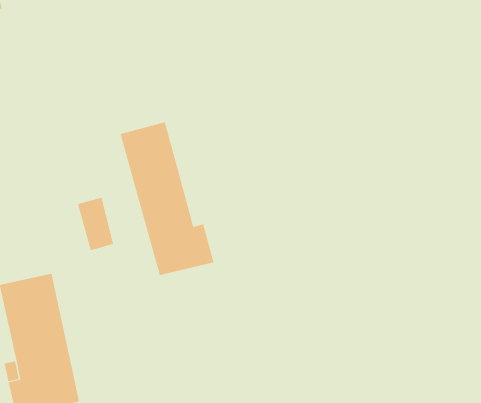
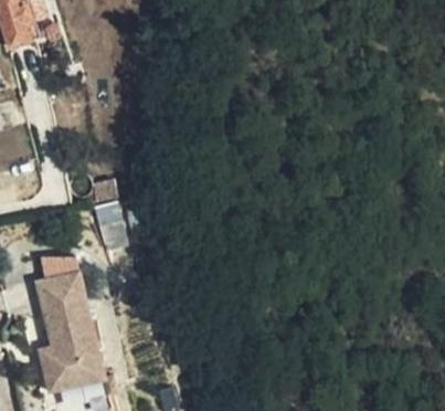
building: [120,121,214,276] -> none

